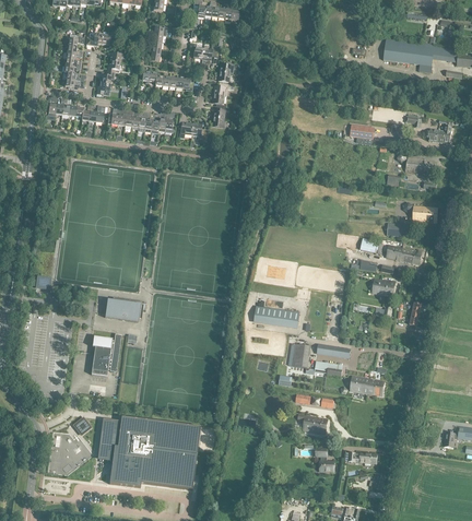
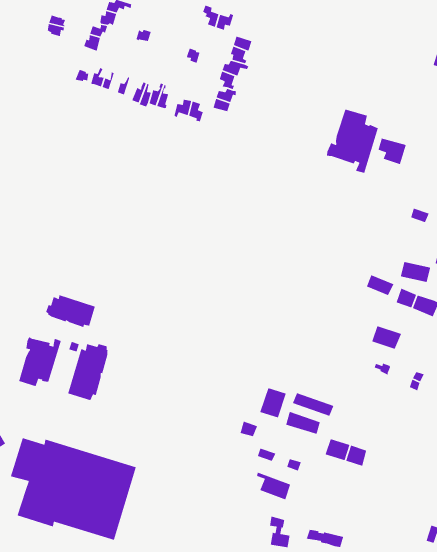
building: none -> [326,109,379,174]
building: [252,305,299,328] -> none
building: none -> [67,343,110,401]

